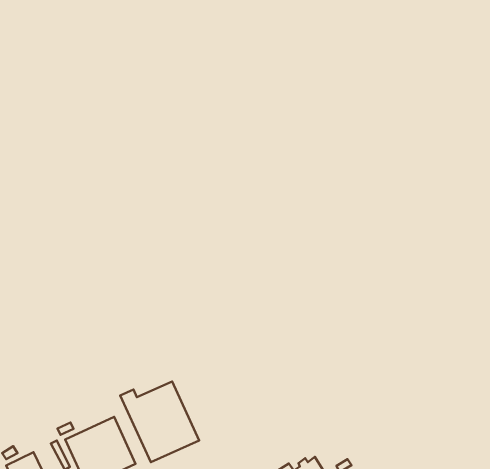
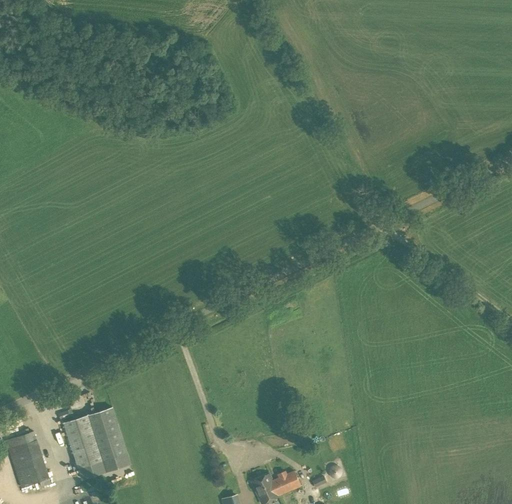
building: [120,381,199,462] -> none

